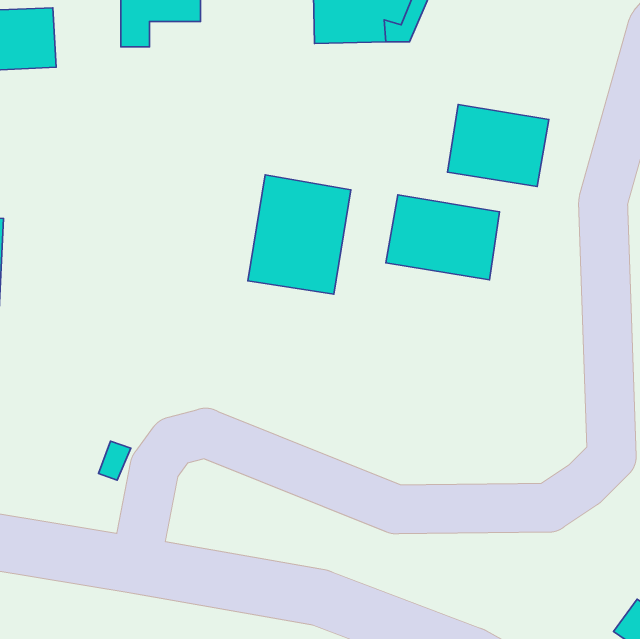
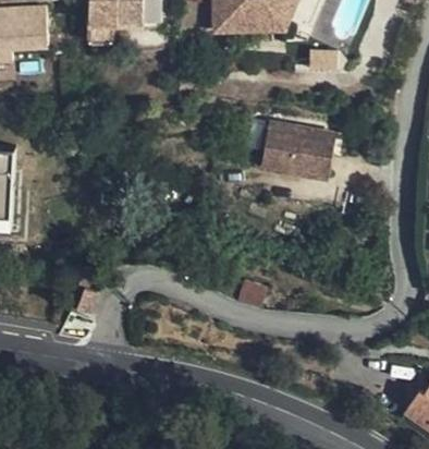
building: [448,105,549,187] -> none
building: [248,175,351,294] -> none

